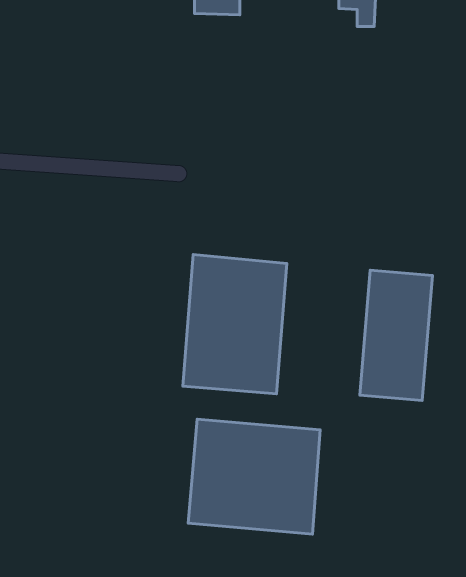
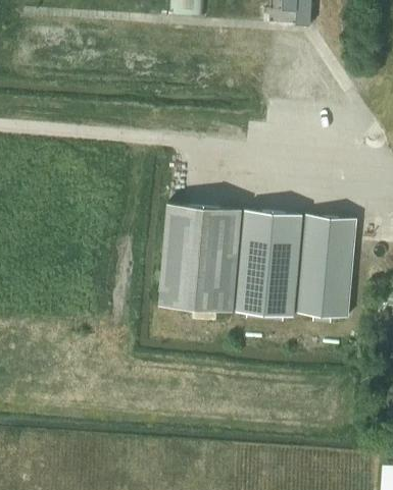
building: none -> [237,211,303,318]
building: [188,419,320,534] -> none

